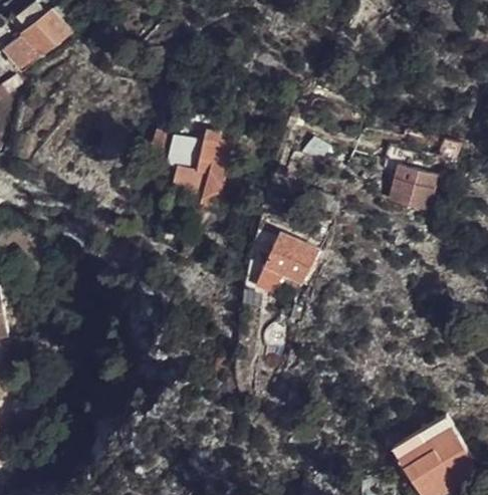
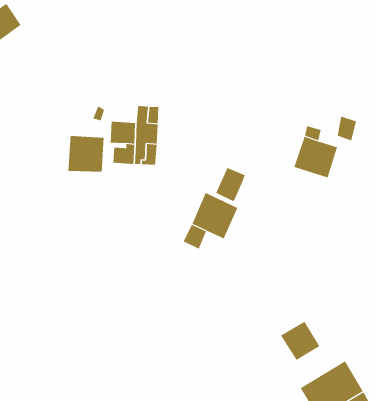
building: none -> [68,135,104,173]
building: none -> [216,167,245,202]
building: none -> [280,321,320,361]

